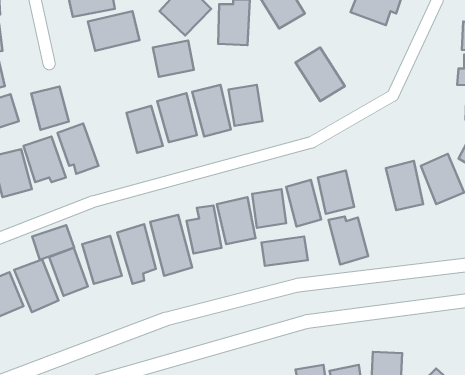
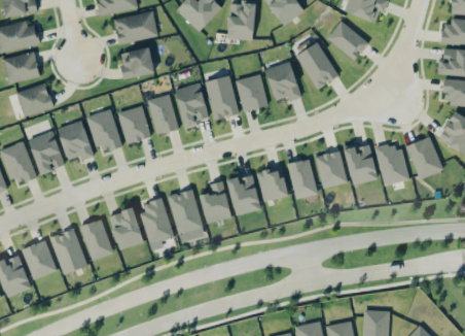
building: none -> [326,21,368,61]
building: [153,40,194,77] -> [118,47,154,79]
building: none -> [264,62,301,101]
building: [31,87,69,130] -> [117,106,150,144]
building: [328,216,368,265] -> [343,143,378,186]
building: [32,225,74,260] -> none
building: [262,237,308,266] -> none

